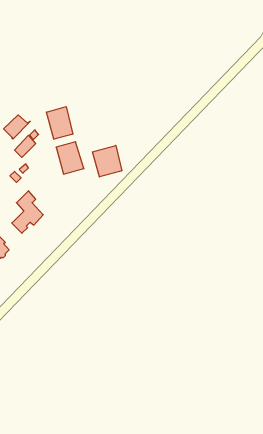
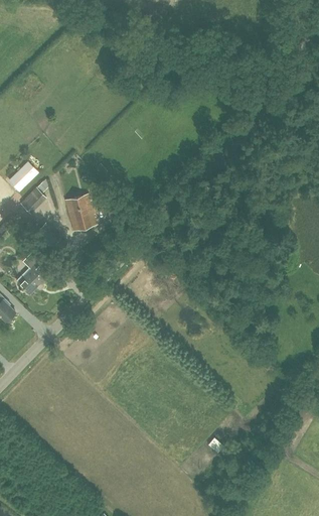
building: [46,107,73,139] -> none
building: [93,145,122,177] -> none

